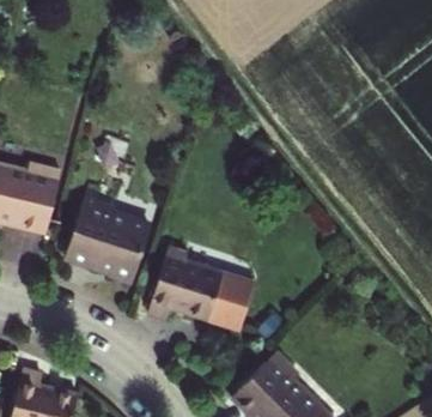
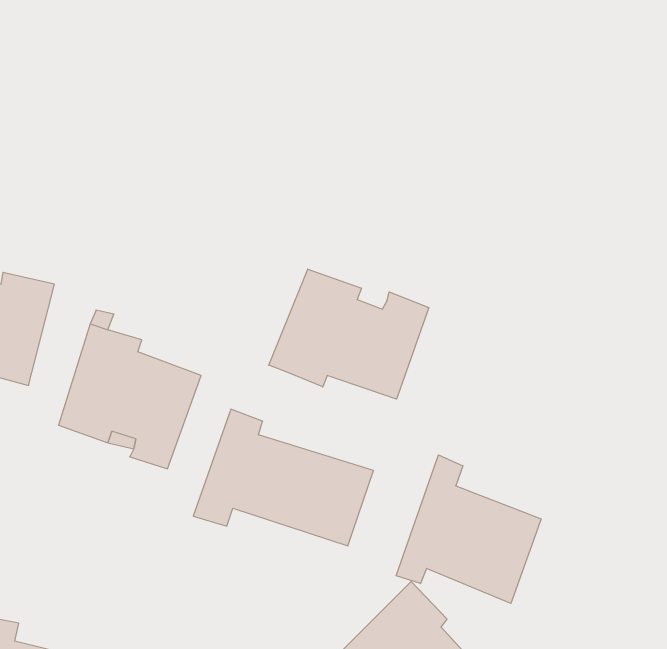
building: none -> [269,269,429,399]
building: none -> [396,455,541,603]

